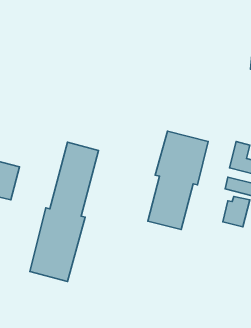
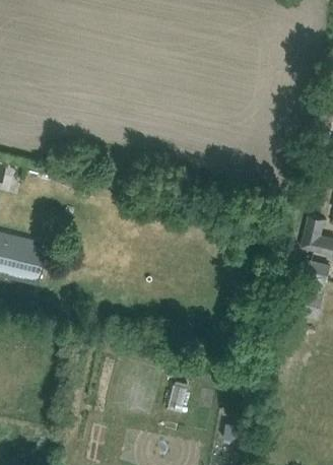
building: [148,131,208,229] -> none
building: [30,142,99,281] -> none

